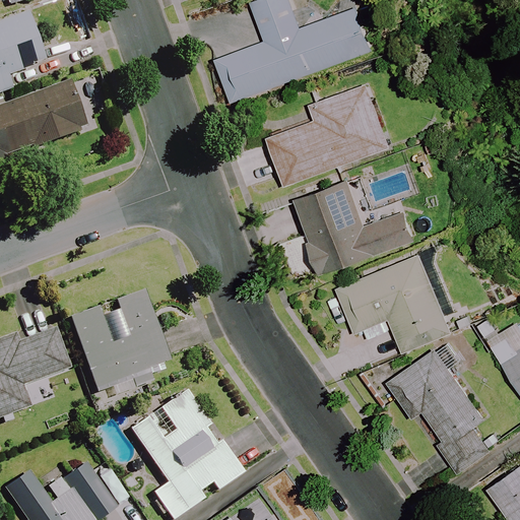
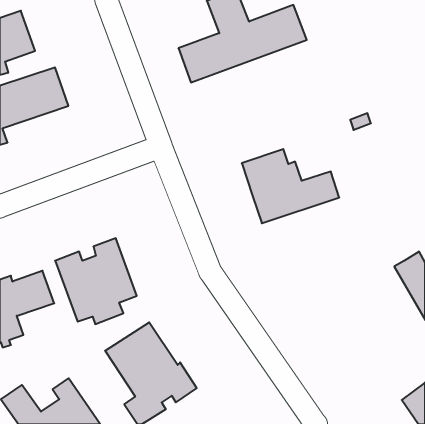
building: [269,82,389,183] -> none
building: [337,254,450,351] -> none
building: [389,340,490,472] -> none

